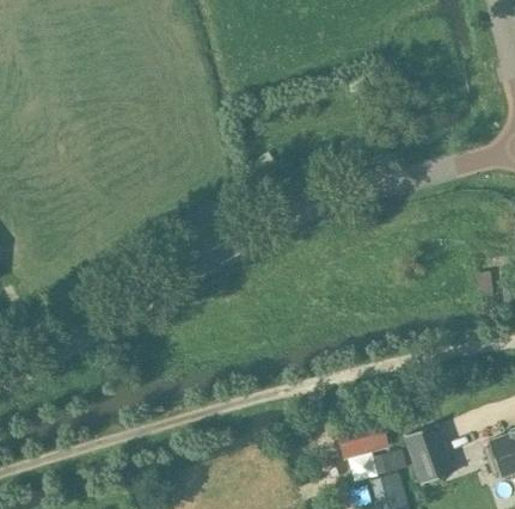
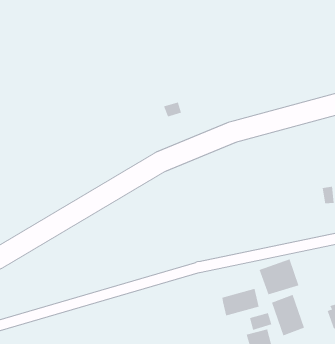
building: none -> [259,259,299,295]

